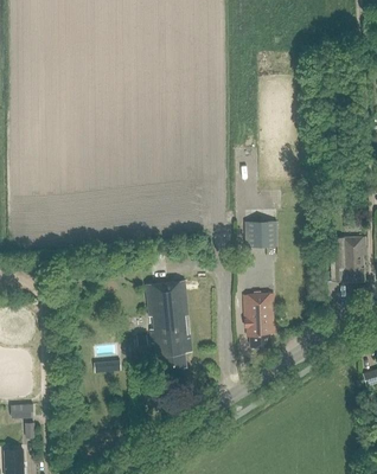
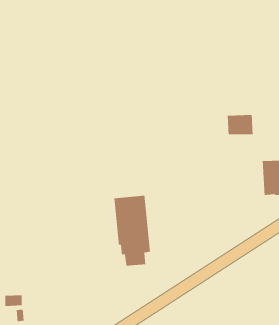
building: [244,218,277,244] -> [227,114,254,135]
building: [243,293,274,346] -> none

